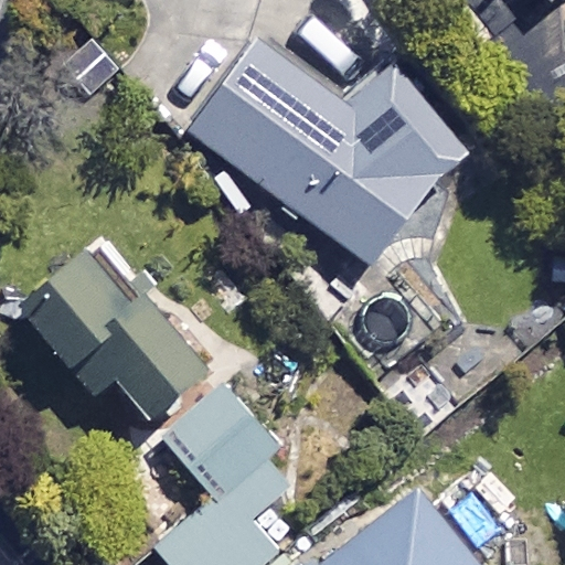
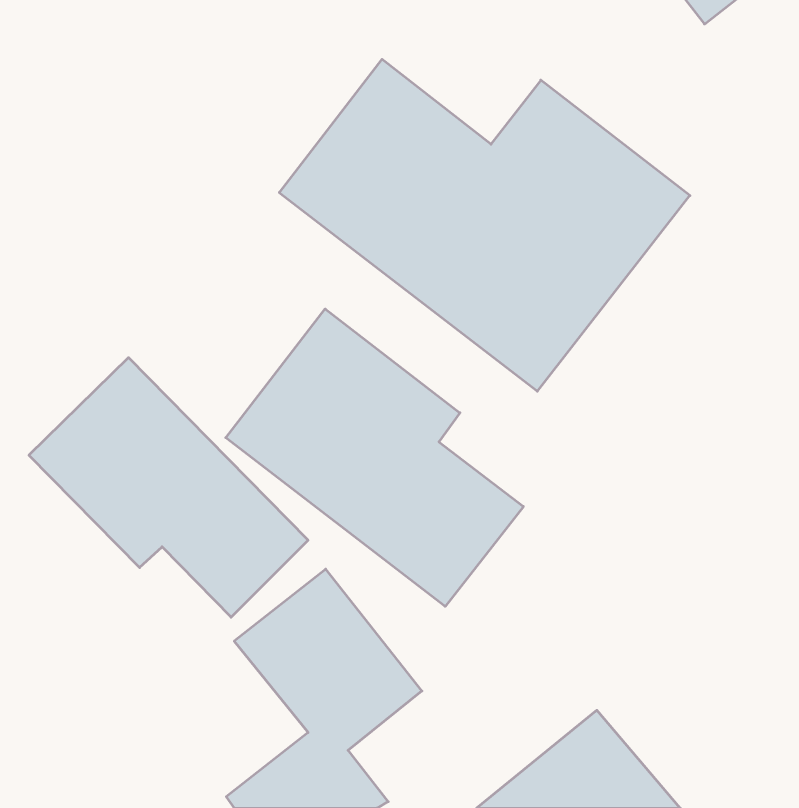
building: none -> [226,309,523,606]

